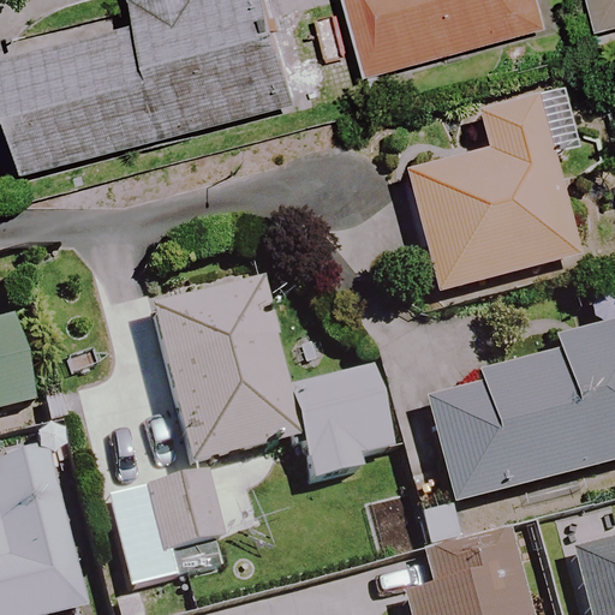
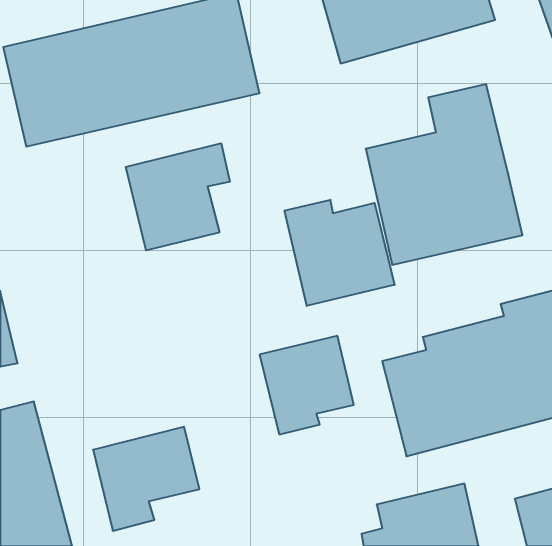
building: none -> [126,143,230,250]
building: none -> [284,200,395,306]
building: [149,275,293,460] -> none

